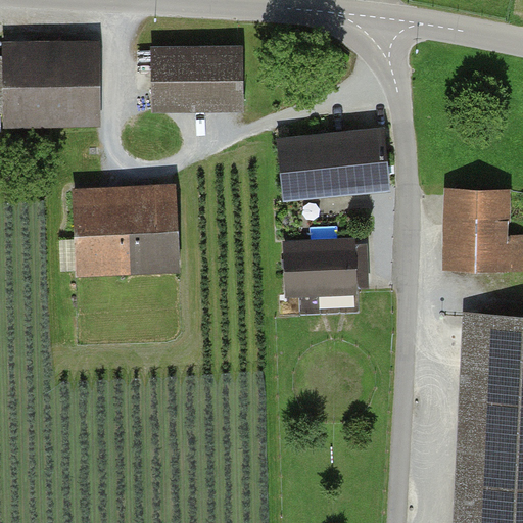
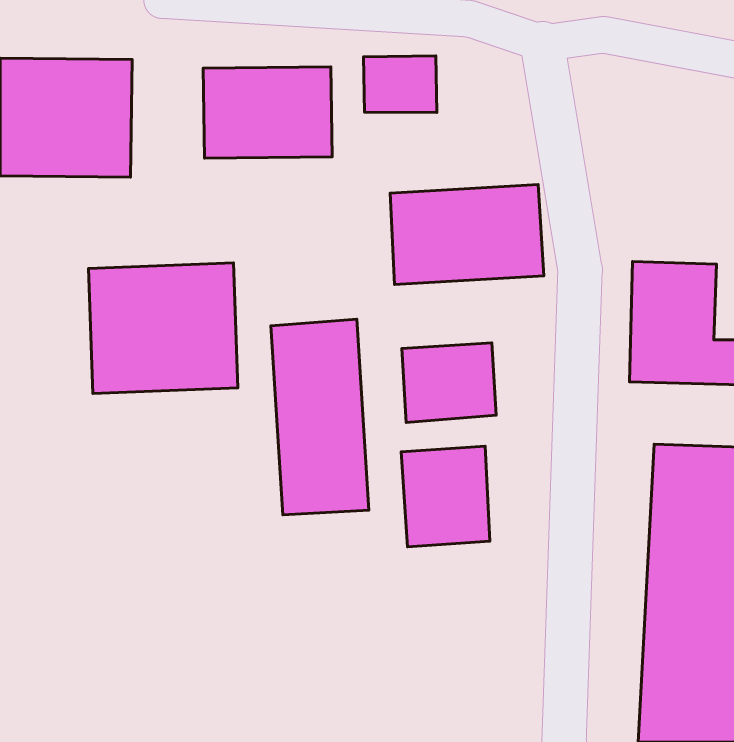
building: none -> [364,56,437,112]
building: none -> [271,319,369,515]
building: none -> [401,446,490,547]

